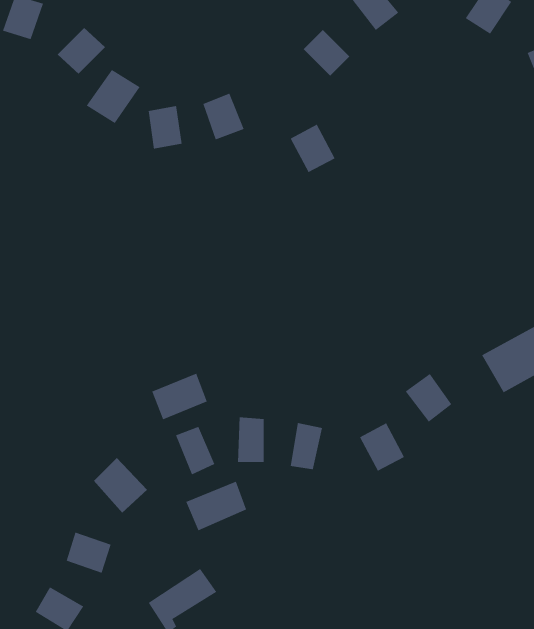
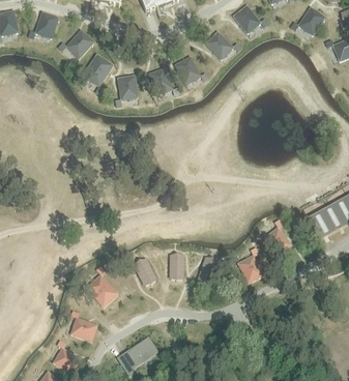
building: [290,124,336,173] -> [174,56,200,84]
building: [152,373,208,420] -> none
building: [186,481,247,531] -> none

